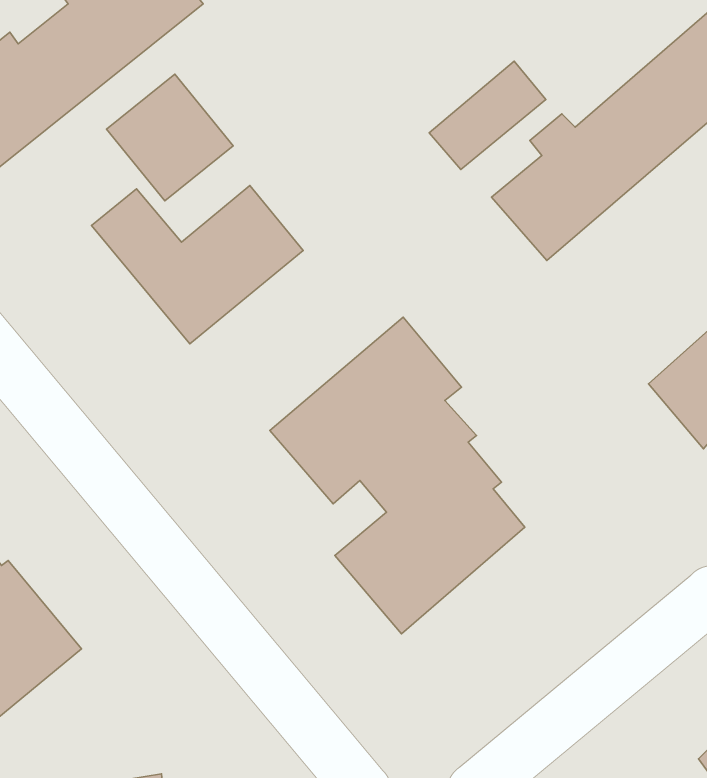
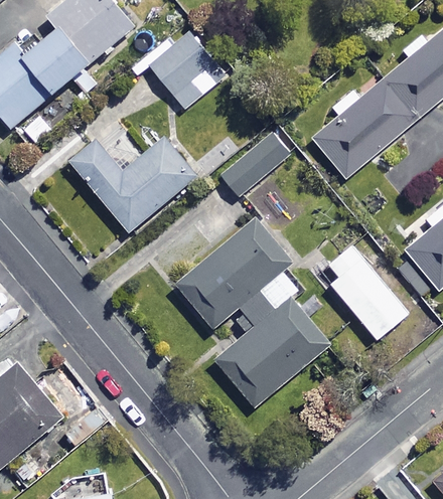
building: [429,61,546,169] -> [223,132,293,197]
building: [106,74,233,201] -> [148,33,225,110]
building: none -> [328,243,408,339]

